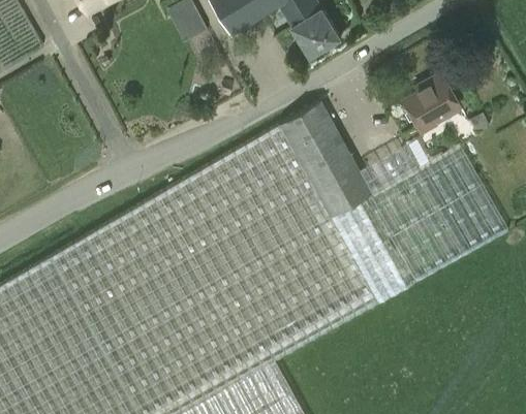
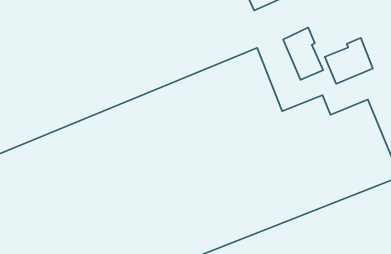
building: none -> [283,27,323,80]

